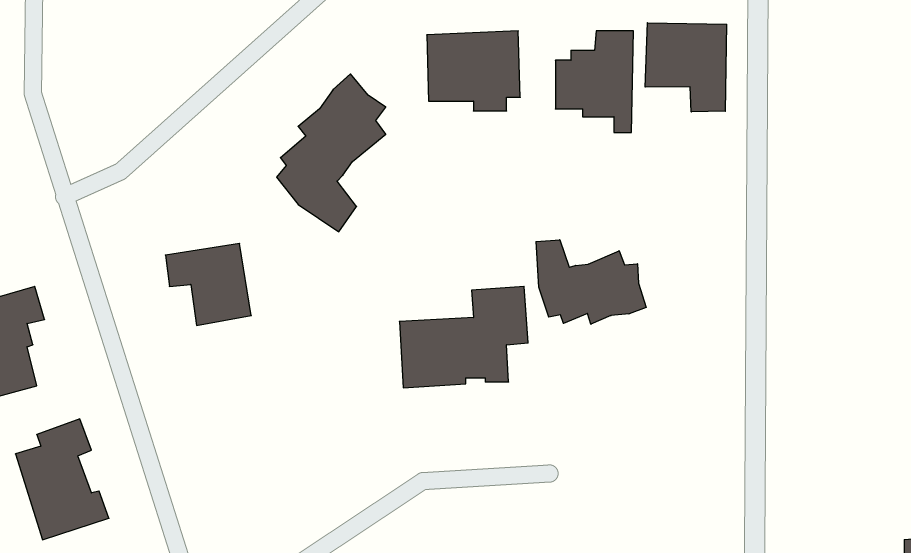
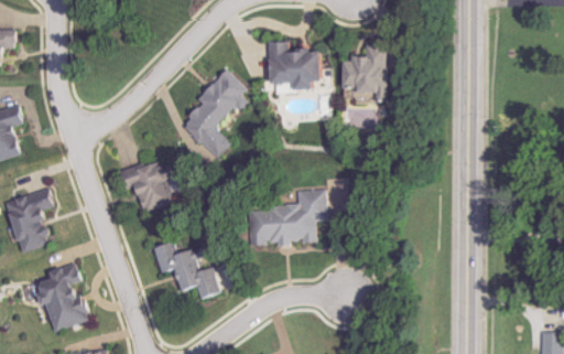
building: [645,23,727,112] -> none
building: [536,240,646,324] -> none
building: none -> [151,242,218,299]

